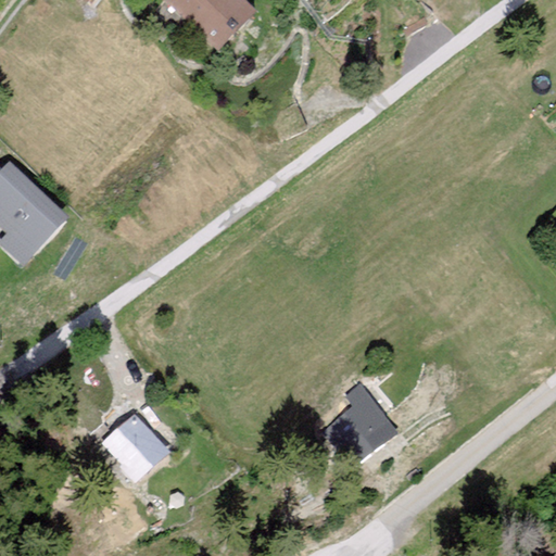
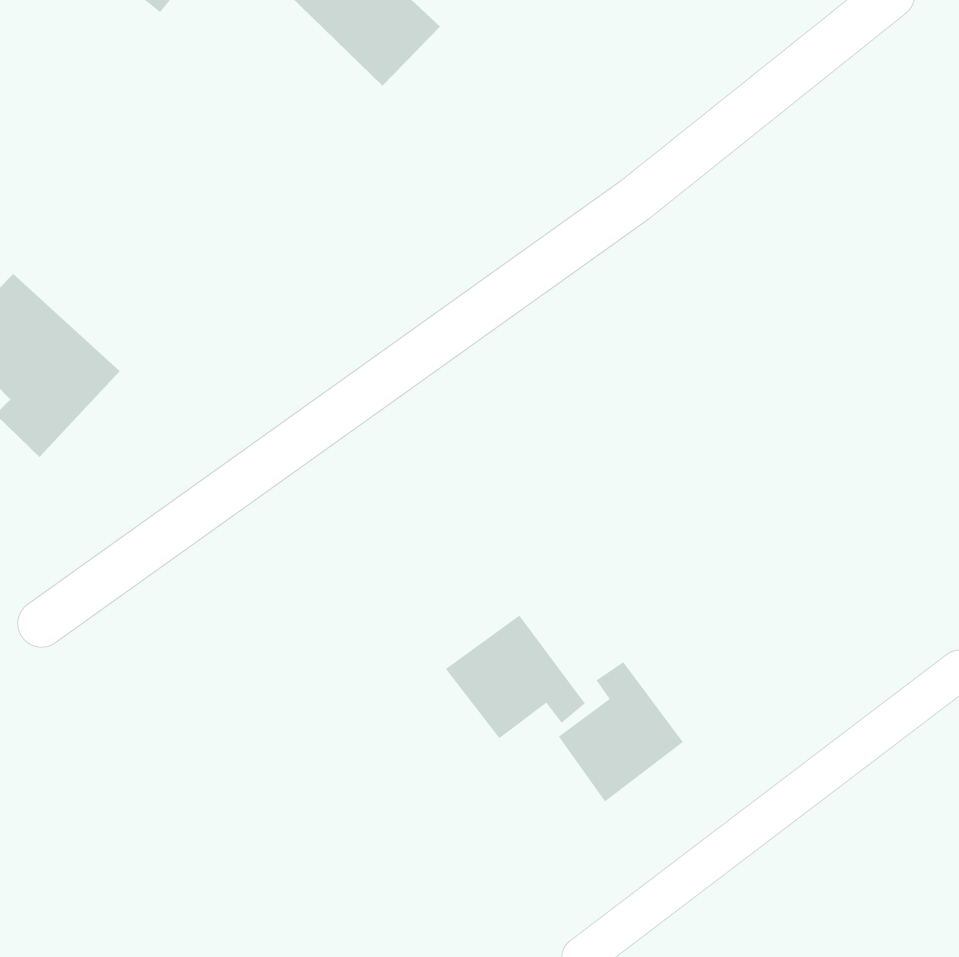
building: none -> [445,615,586,739]
building: [99,415,168,485] -> none

